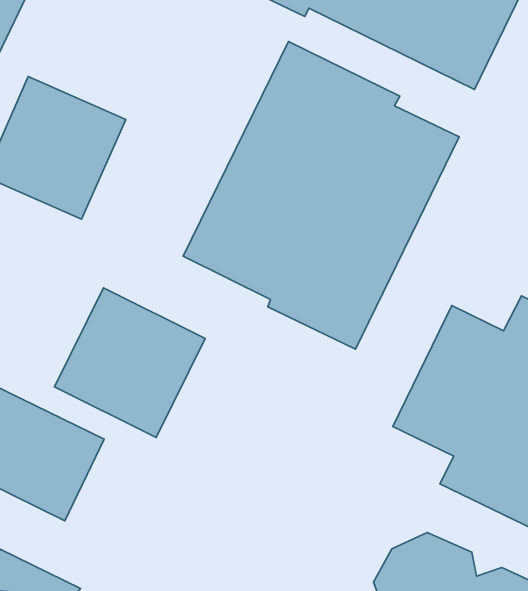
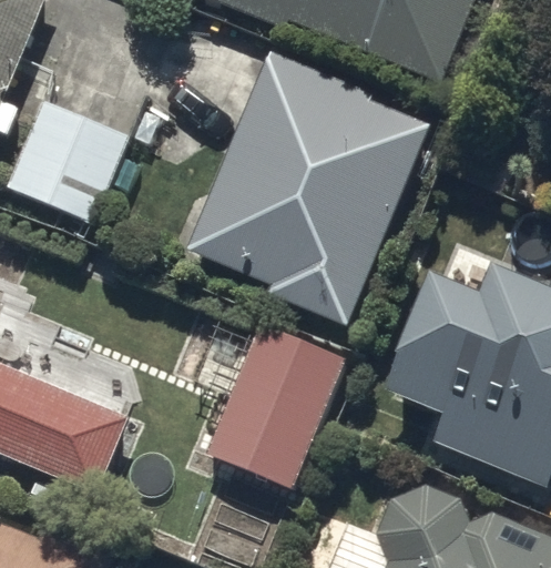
building: [54,288,205,438] -> none
building: none -> [205,323,345,489]

